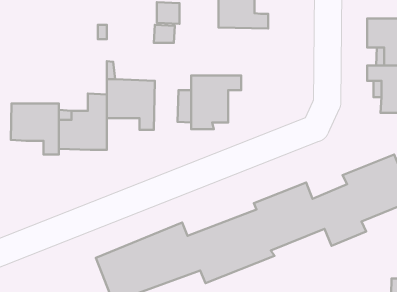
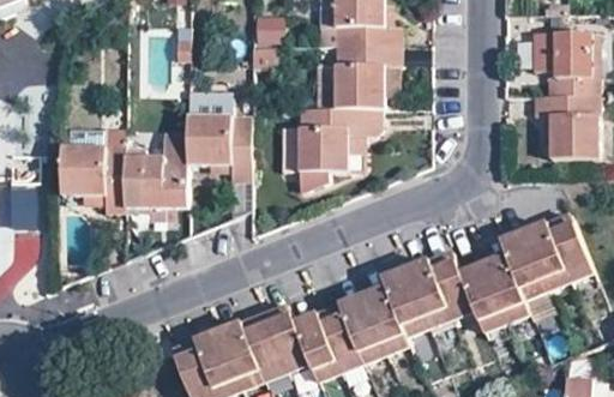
building: none -> [333,44,401,108]

